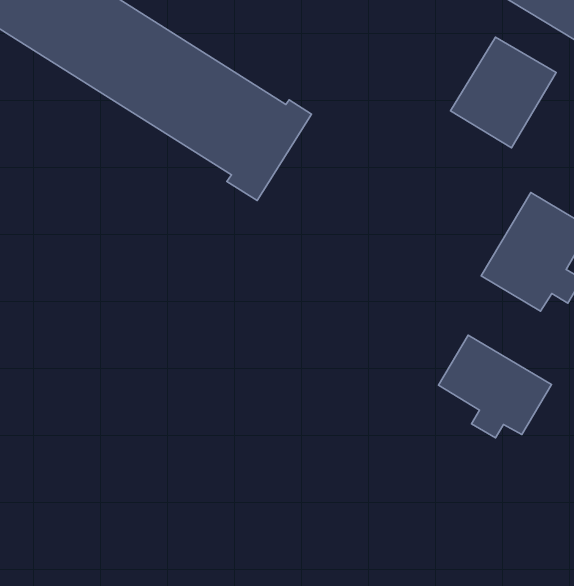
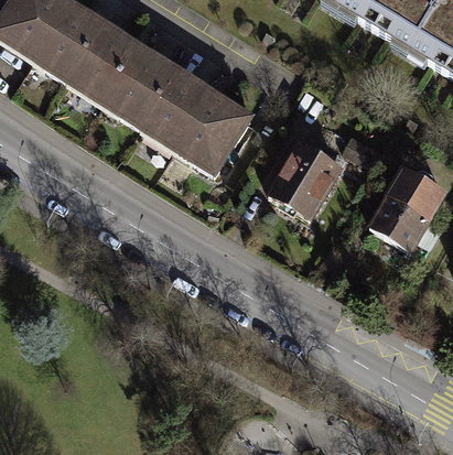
building: [451,37,556,148] -> [272,140,345,216]
building: [439,335,551,438] -> none

